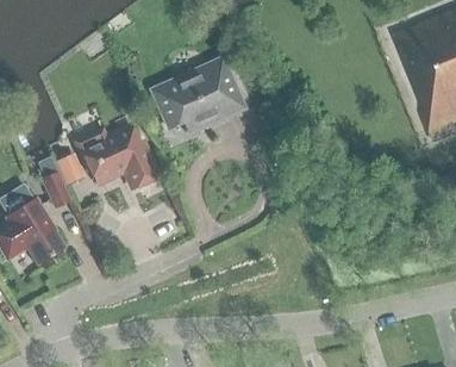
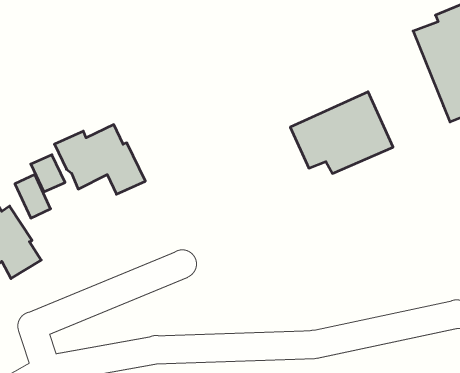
building: [151,58,244,132] -> [290,92,393,173]

